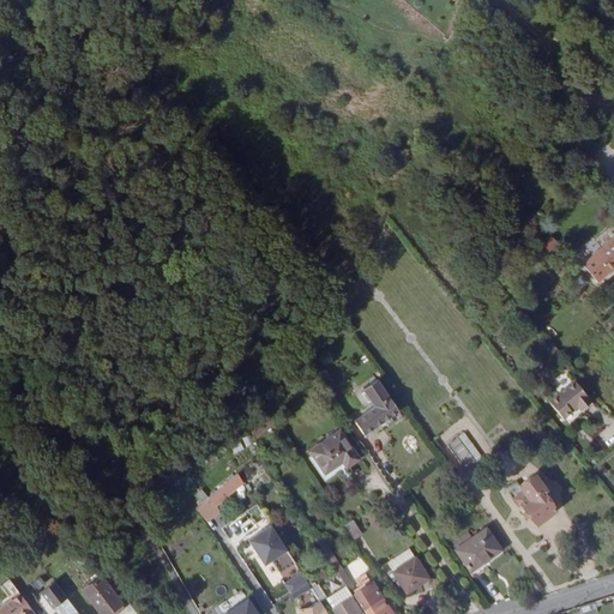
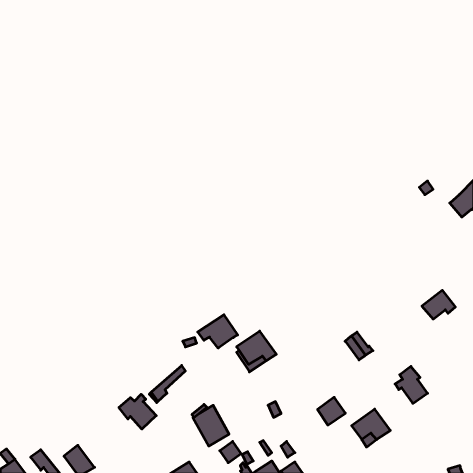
building: [353,379,398,434] -> none
building: none -> [198,315,238,348]
building: none -> [119,394,156,429]
building: [392,558,428,594] -> [318,397,345,425]

